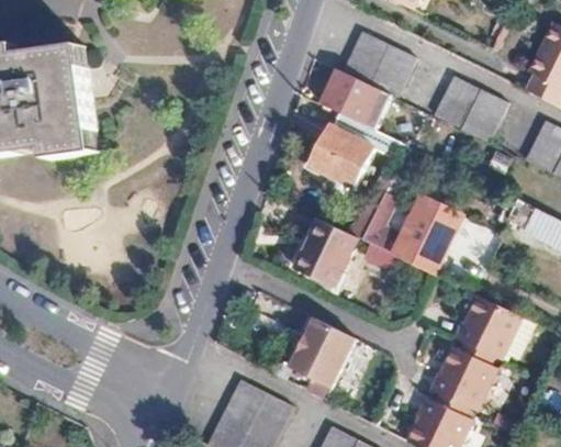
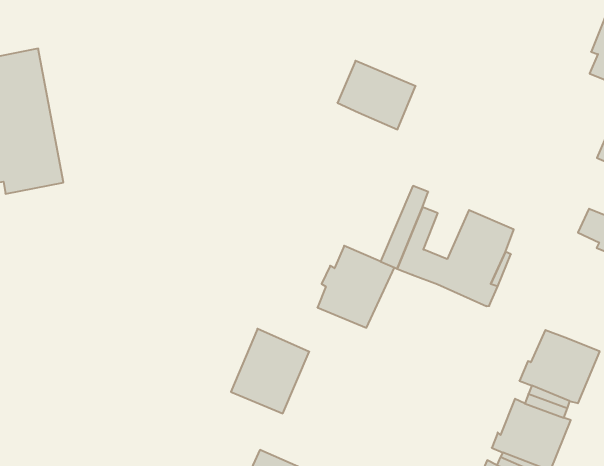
building: [343,32,414,96] -> none
building: [435,77,506,141] -> none
building: [311,112,391,194] -> none
building: [290,319,355,388] -> [231,329,309,413]

